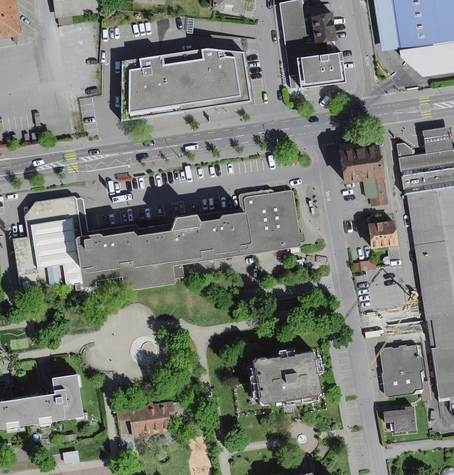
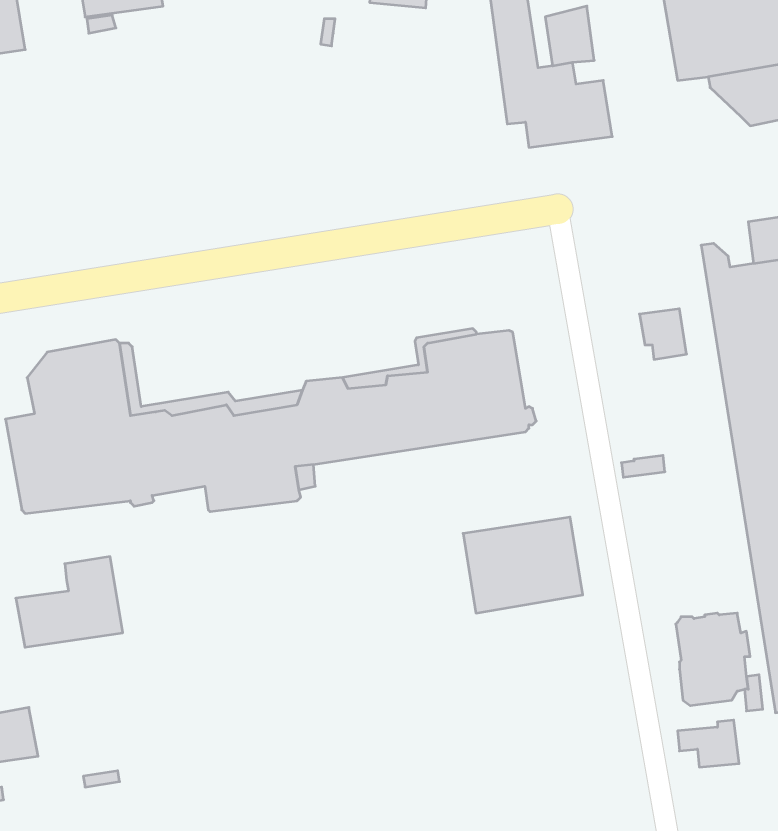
building: [122,47,252,120] -> none
building: [341,144,386,182] -> none
building: [369,219,399,247] -> none
building: [252,350,318,403] -> [463,517,583,613]
building: [26,374,85,424] -> [16,557,123,647]
building: [116,400,176,435] -> none

